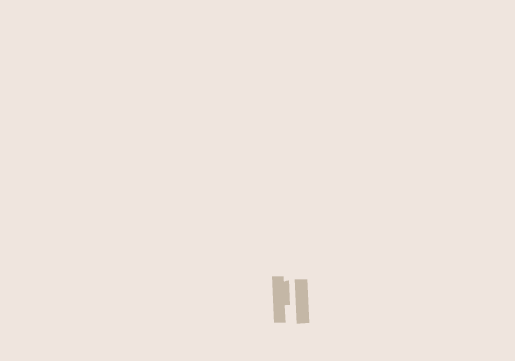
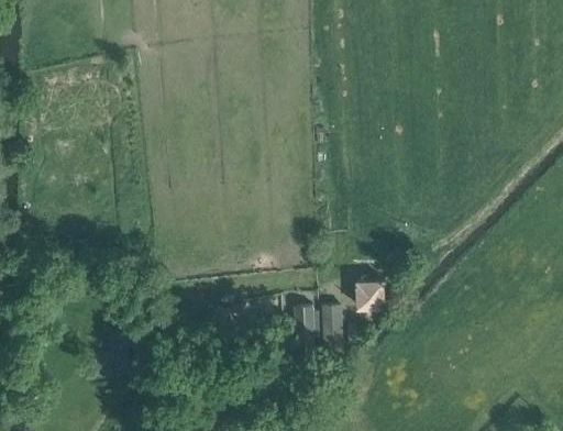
building: none -> [355,279,385,309]

